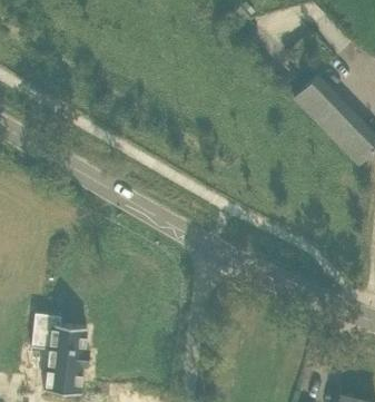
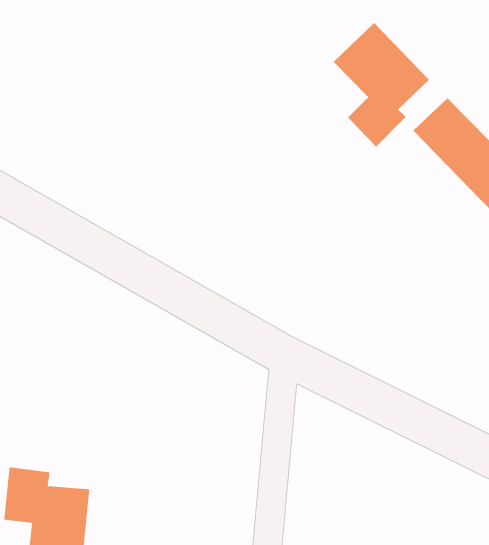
building: none -> [333,22,430,147]

